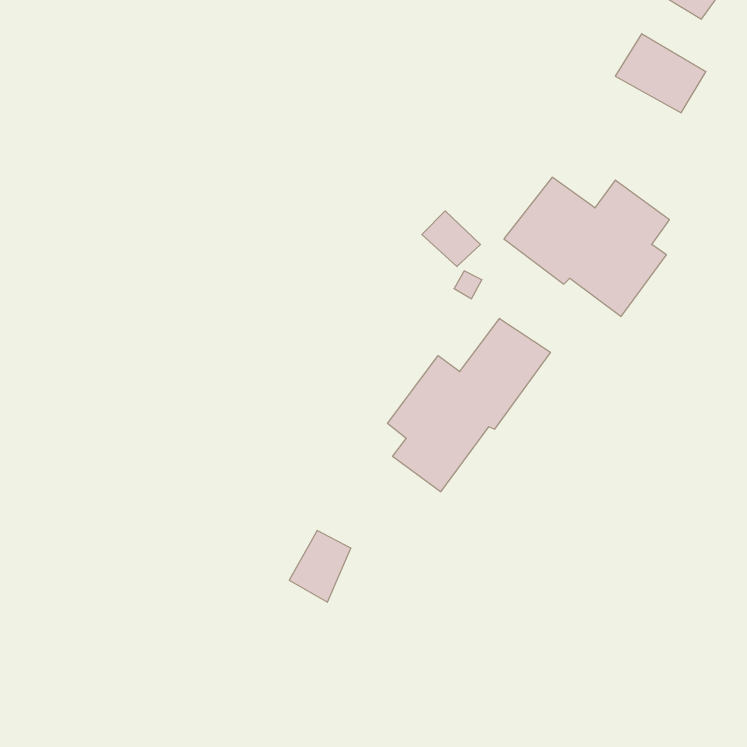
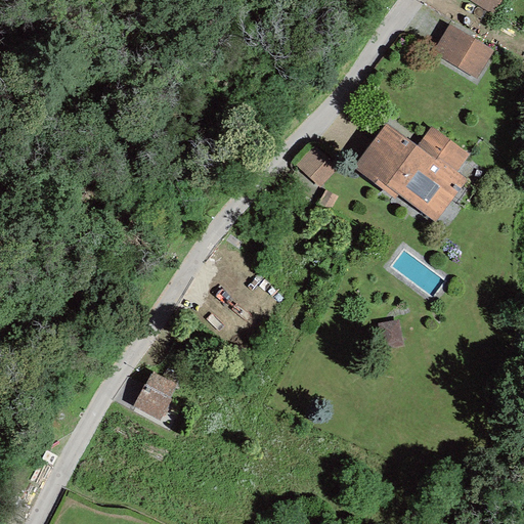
building: [388,318,550,492] -> none
building: [289,530,351,602] -> [133,370,176,421]

